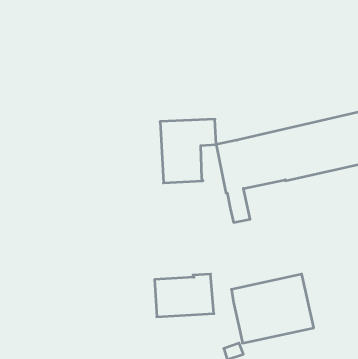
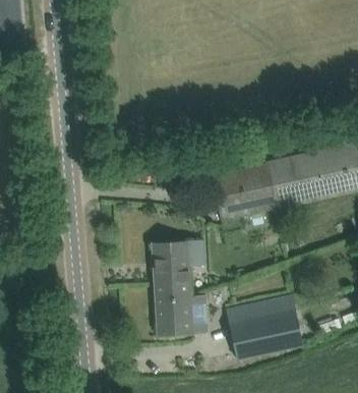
building: [160,119,216,183] -> [153,240,204,299]

